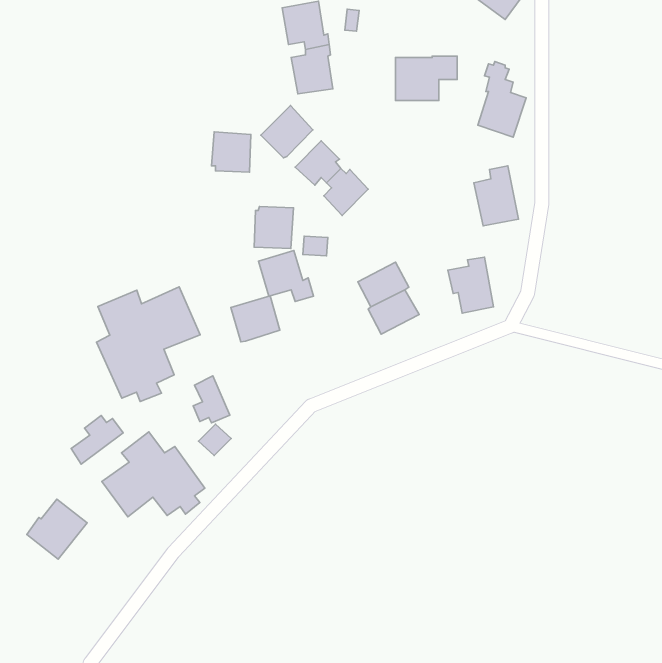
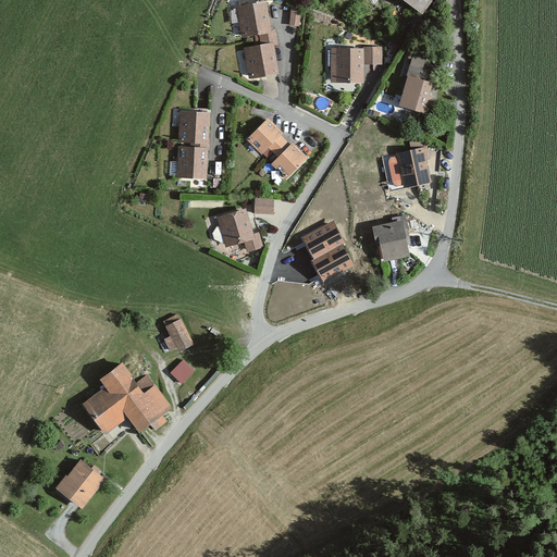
building: [261,106,313,158] -> none
building: [254,207,293,248] -> [175,143,208,177]
building: [97,287,200,401] -> none
building: [231,296,280,342] -> none
building: [71,415,123,464] -> none
building: [27,499,87,559] -> [55,456,106,506]

